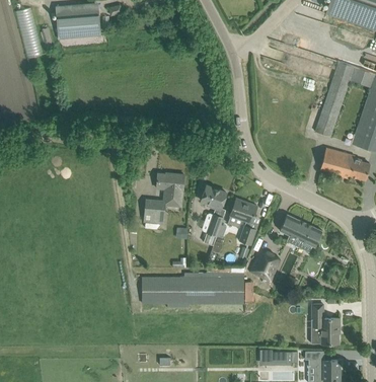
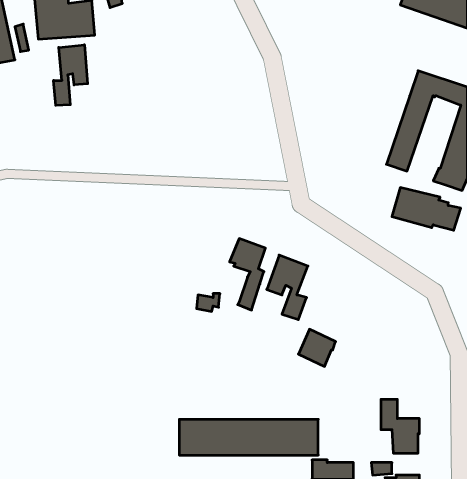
building: none -> [54,45,88,105]
building: [142,173,184,225] -> none
building: [279,214,322,246] -> none
building: [142,277,244,303] -> [179,419,318,455]

